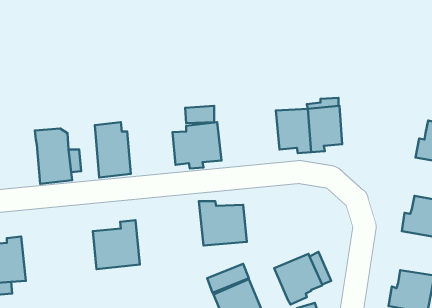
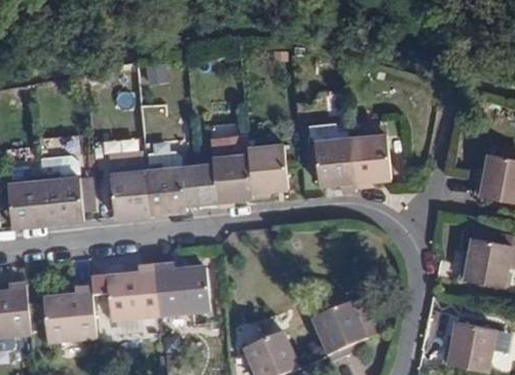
building: none -> [248,145,287,197]
building: none -> [146,152,200,213]
building: none -> [7,180,47,227]
building: [199,201,247,246] -> [155,265,210,315]
building: none -> [43,288,97,341]

